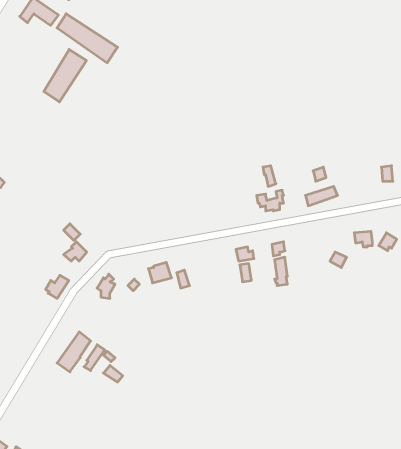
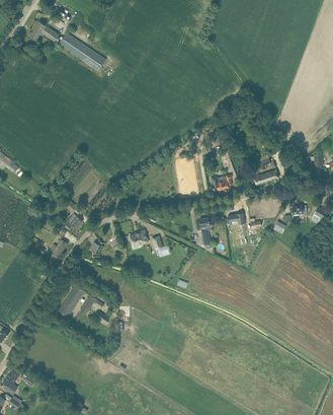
building: [44,49,86,102] -> none

